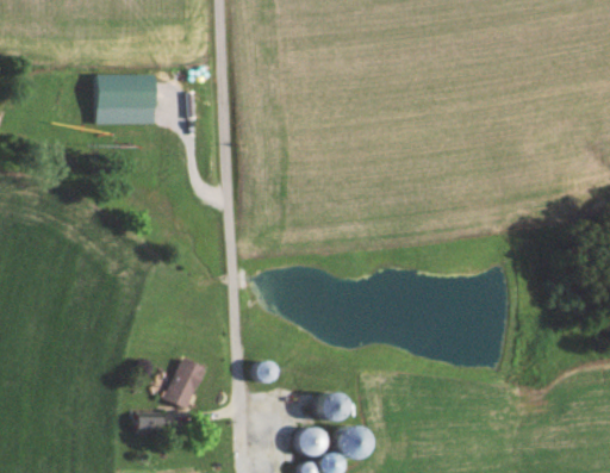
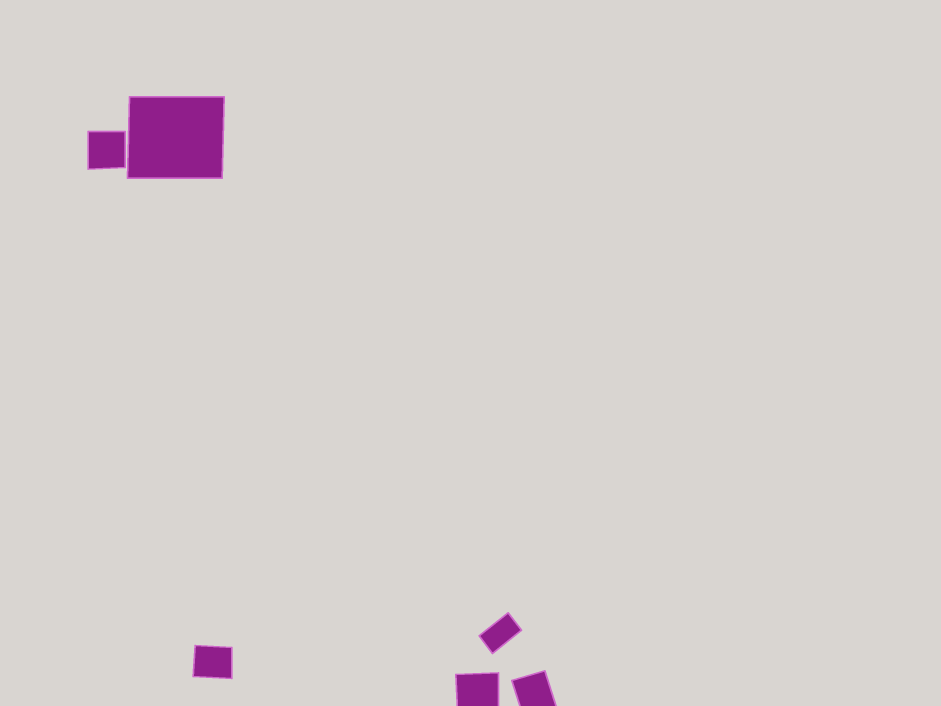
building: none -> [88,131,125,169]
building: [164,359,205,409] -> none

